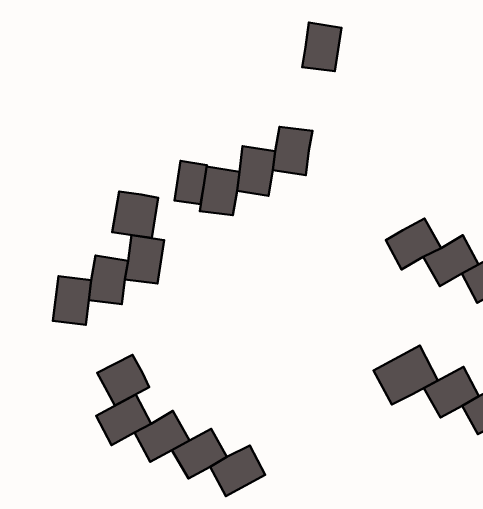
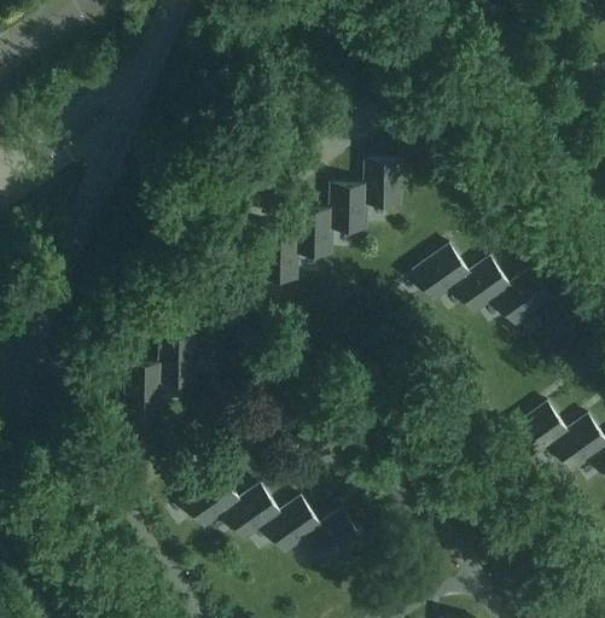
building: [302,22,341,71] -> [365,159,400,205]
building: [175,161,207,204] -> none
building: [112,191,158,238] -> none
building: none -> [413,247,470,301]
building: [373,346,438,404] -> none
building: [97,355,149,405] -> none

